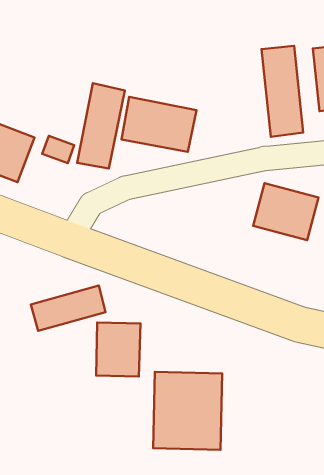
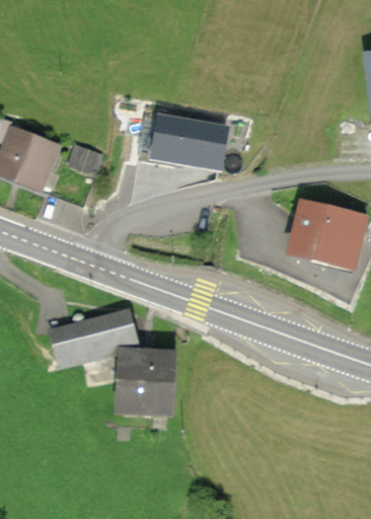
building: [261,46,303,137] -> none
building: [77,83,125,169] -> none
building: [153,372,222,450] -> none

